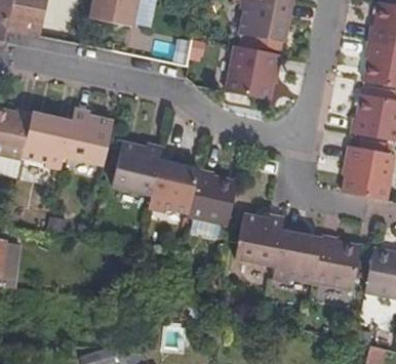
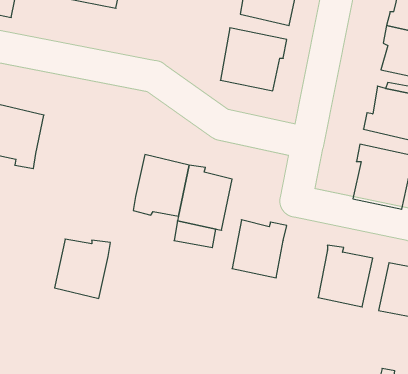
building: [62,108,111,164] -> none
building: [111,140,160,193] -> [55,239,110,298]
building: [271,232,319,282] -> none

